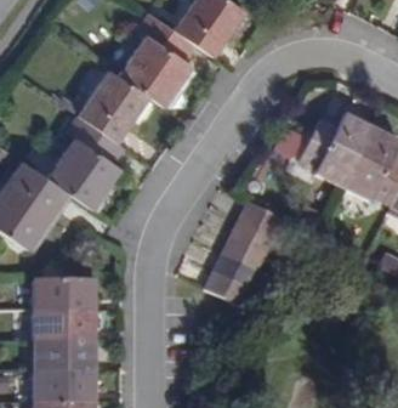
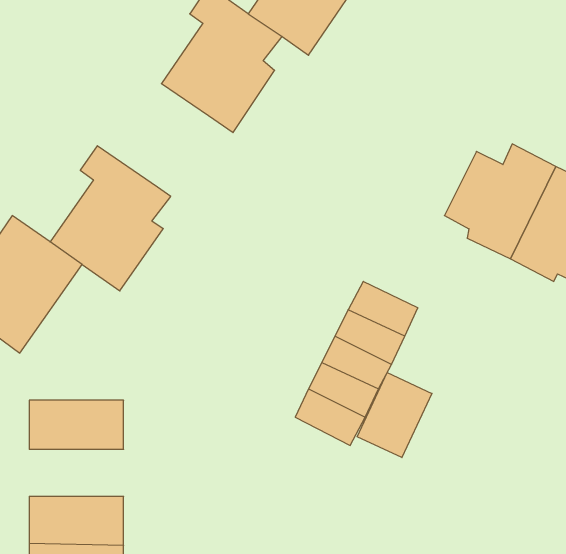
building: [78,69,149,142] -> none
building: none -> [357,373,432,458]
building: [34,311,95,341] -> none

